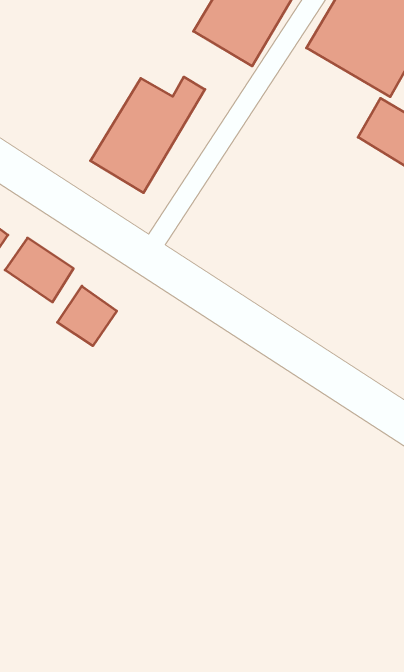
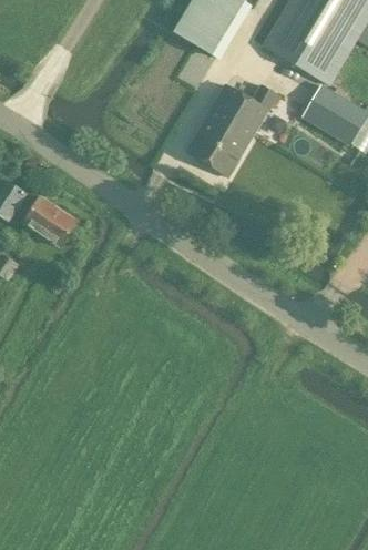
building: [90,77,205,193] -> [186,84,277,176]
building: [57,286,117,346] -> none

